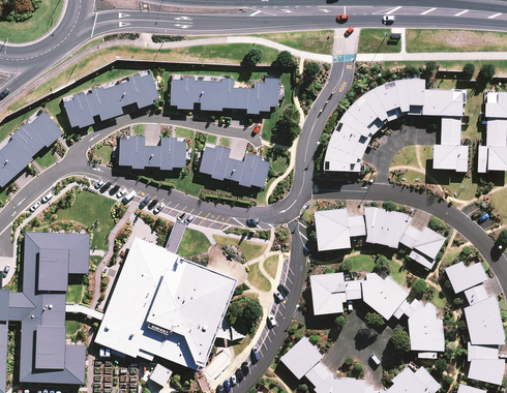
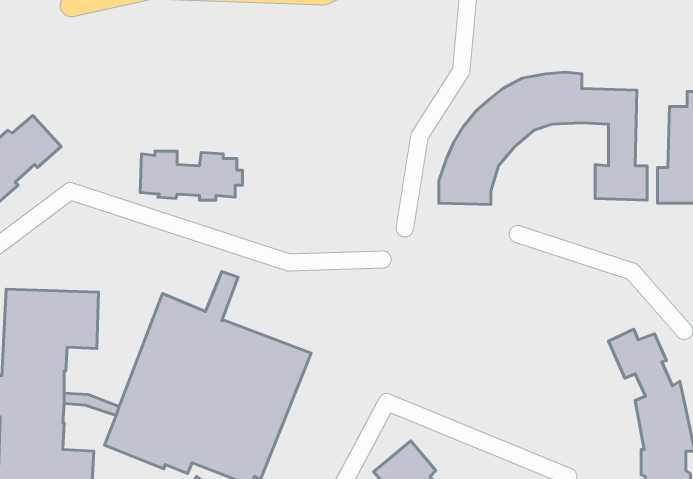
building: [63,73,158,128] -> none
building: [169,77,278,114] -> none
building: [198,145,269,187] -> none
building: [315,208,446,268] -> none
building: [309,269,442,350] -> none

